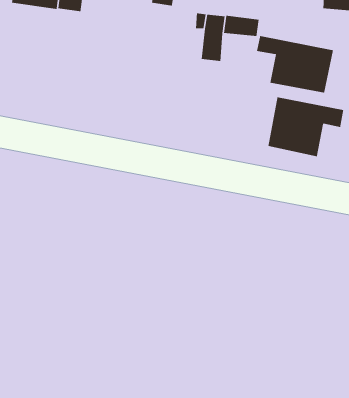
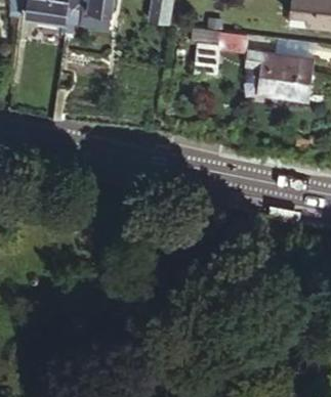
building: [268,96,344,157] -> none

